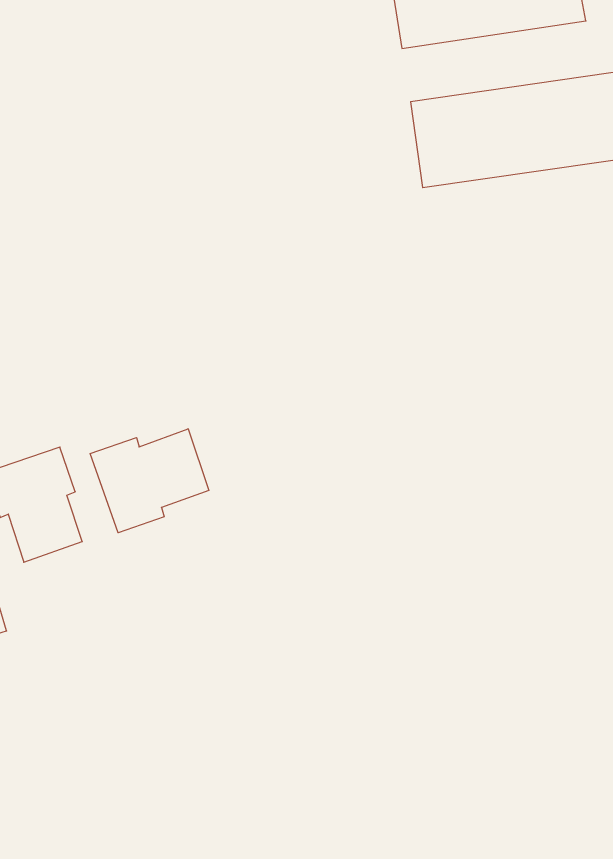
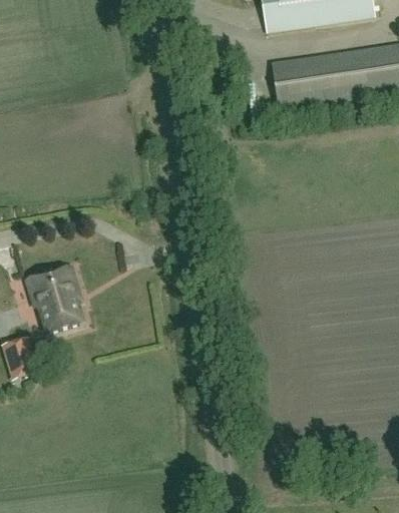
building: [90,429,209,533] -> none

